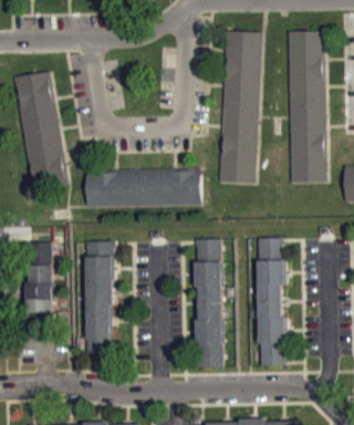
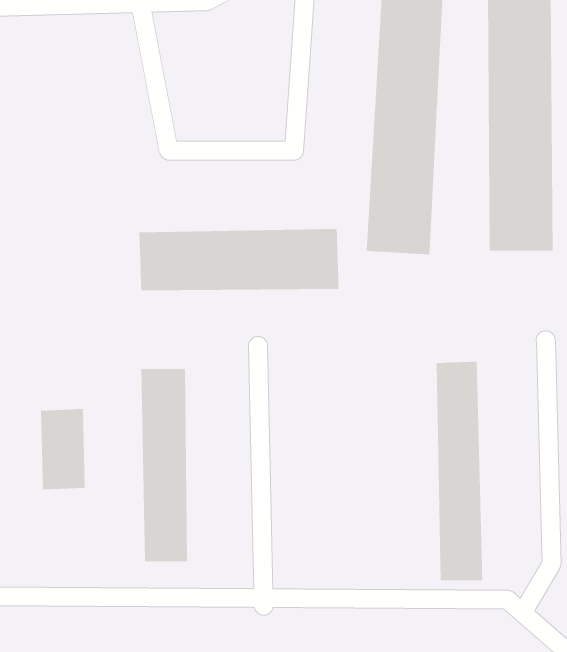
building: [12,66,67,187] -> none
building: [196,242,223,372] -> none
building: [29,246,52,269] -> none

